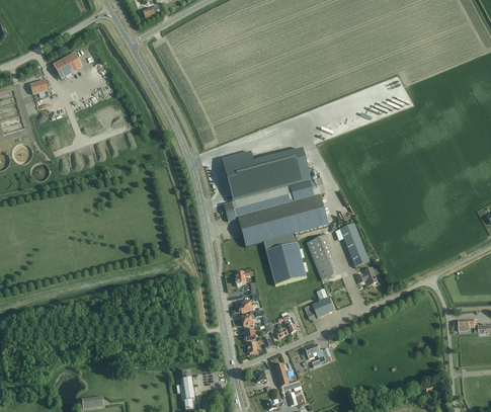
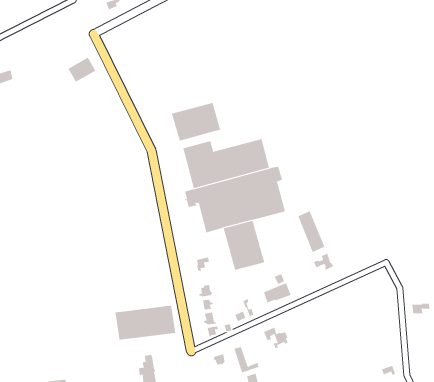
building: [54,53,83,79] -> [68,57,96,83]
building: none -> [171,102,221,141]
building: [312,235,341,278] -> none
building: none -> [115,305,176,341]

